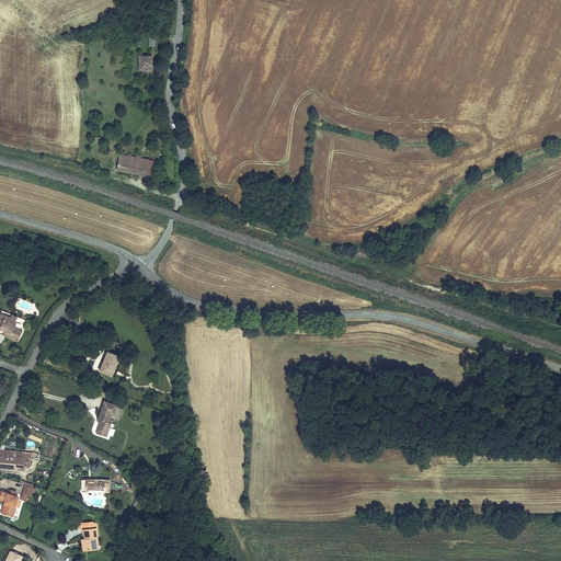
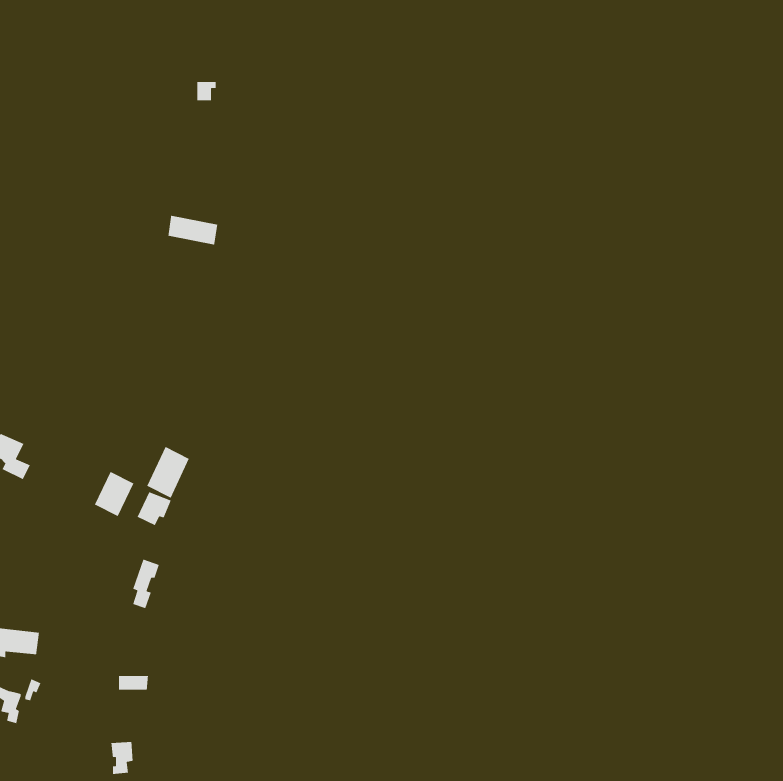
building: none -> [146,446,190,499]
building: none -> [94,471,134,517]

